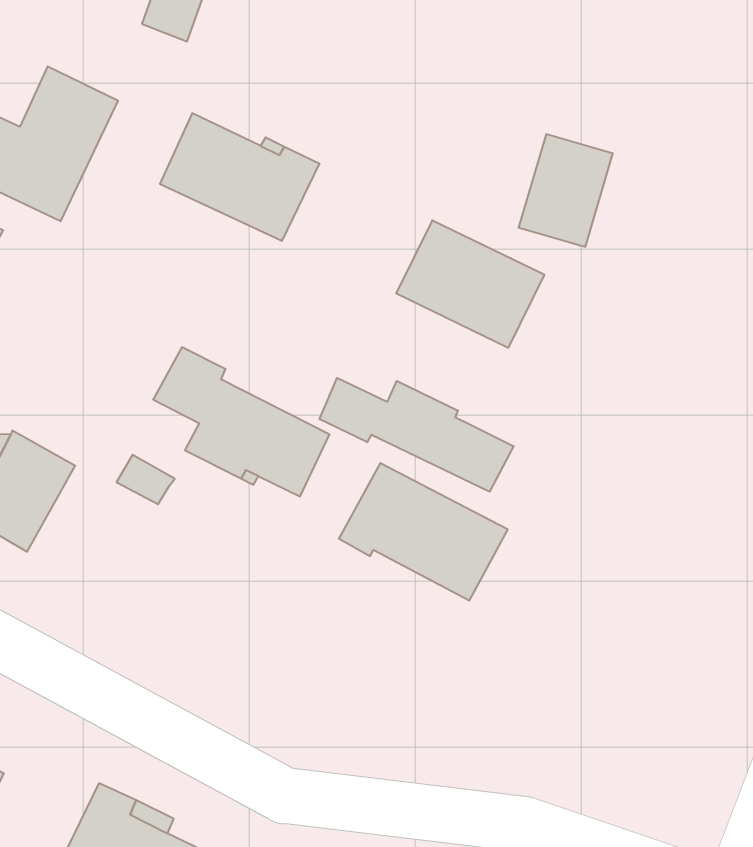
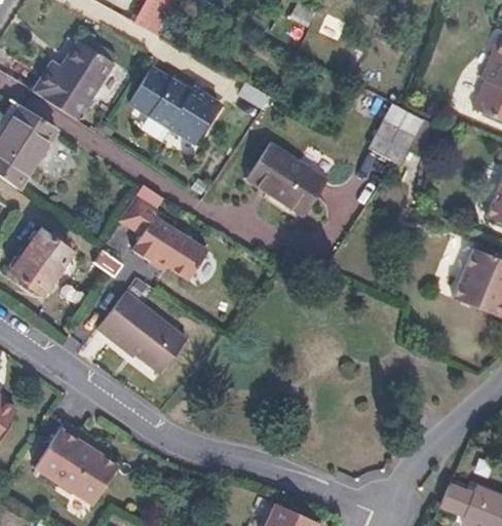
building: [518,134,613,247] -> [370,104,424,165]
building: [320,378,514,492] -> none
building: [339,463,508,600] -> [98,291,187,369]

